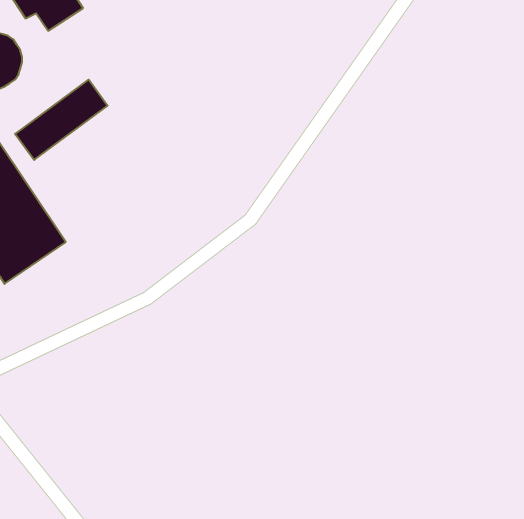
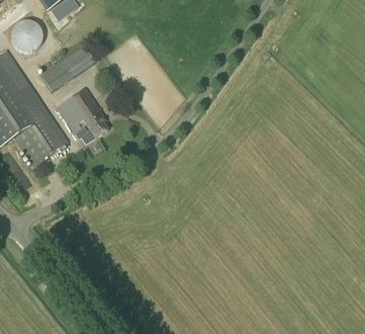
building: none -> [58,88,108,144]

